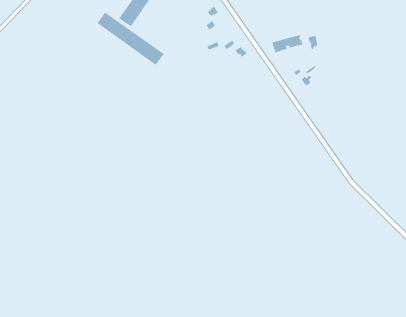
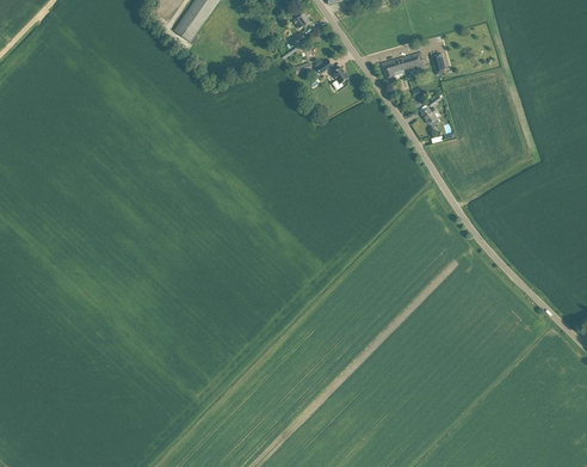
building: [97,11,165,66] -> none

